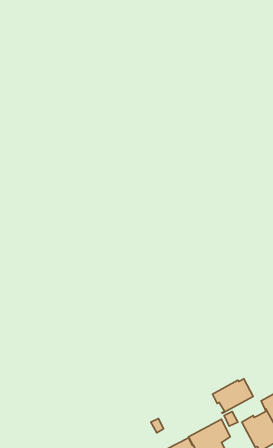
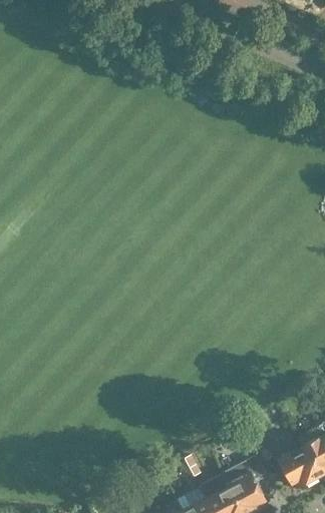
building: [213,379,253,413] -> none

